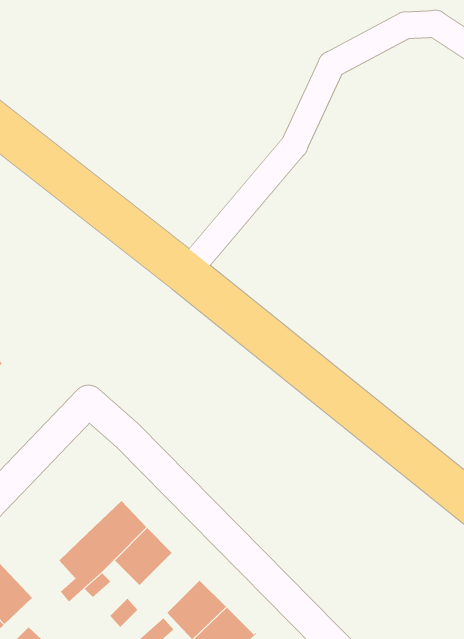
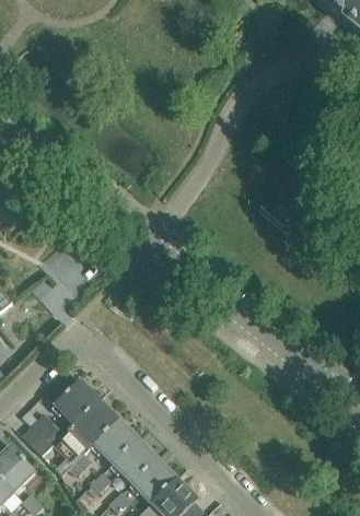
building: none -> [48,378,98,424]
building: none -> [22,412,53,454]
building: none -> [112,438,155,482]

